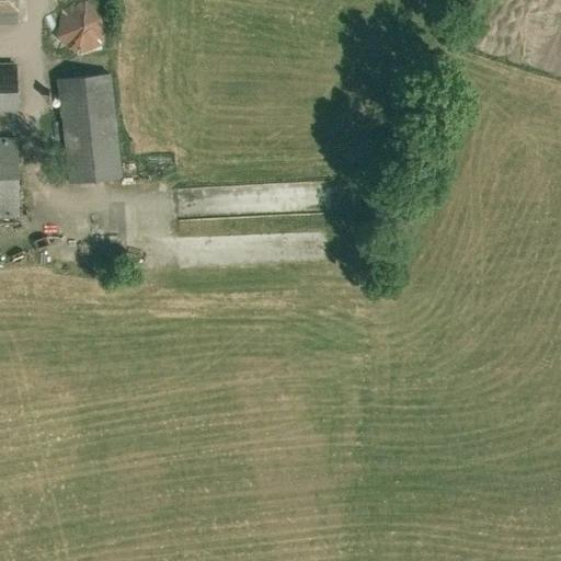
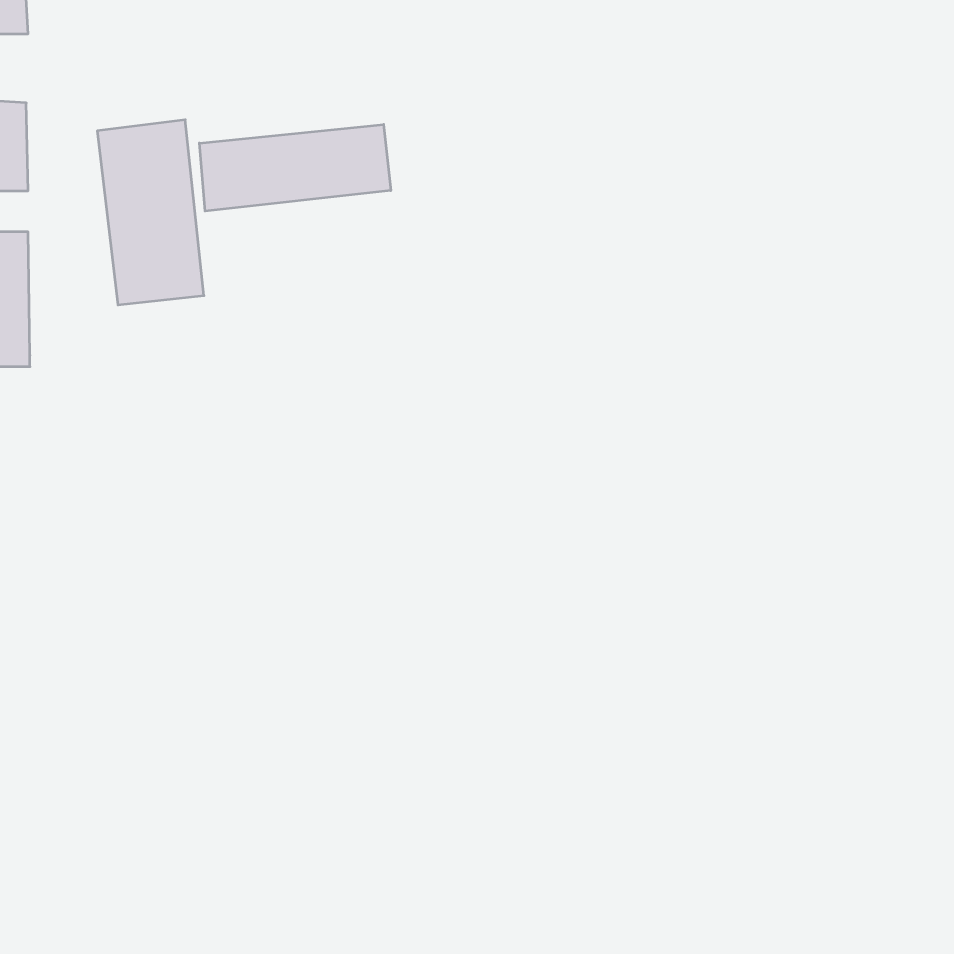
building: [50,12,100,58] -> none
building: none -> [199,124,391,211]

